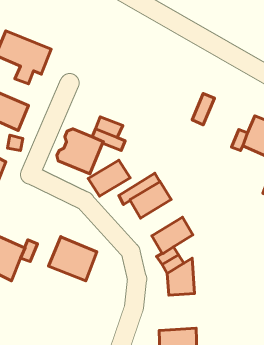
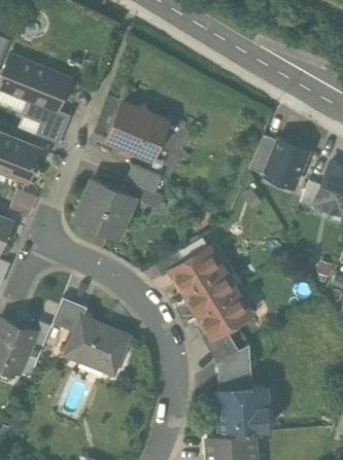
building: none -> [107,102,167,158]
building: none -> [35,106,71,144]
building: none -> [264,138,309,187]
building: [88,160,130,196] -> [183,271,237,317]
building: none -> [53,298,87,333]
building: none -> [218,390,268,437]

